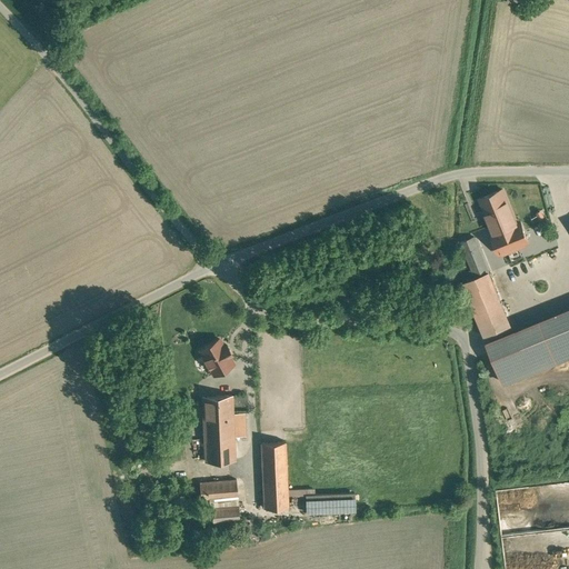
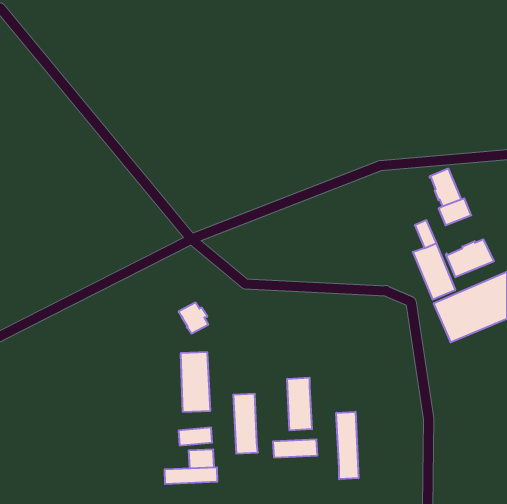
building: none -> [446,239,494,277]
building: none -> [287,378,312,430]
building: none -> [336,412,358,479]
building: none -> [165,467,217,484]

